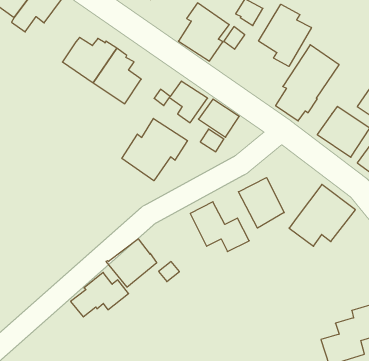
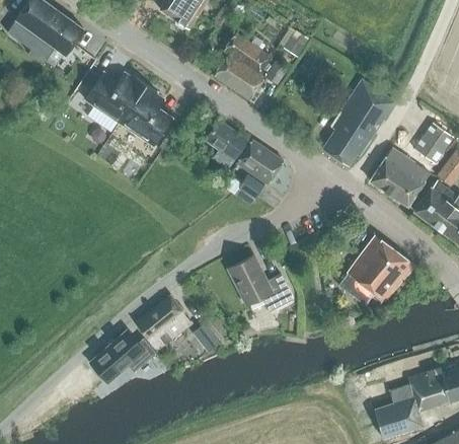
building: [259,4,311,66] -> none
building: [122,118,187,181] -> none
building: [238,178,284,228] -> none

